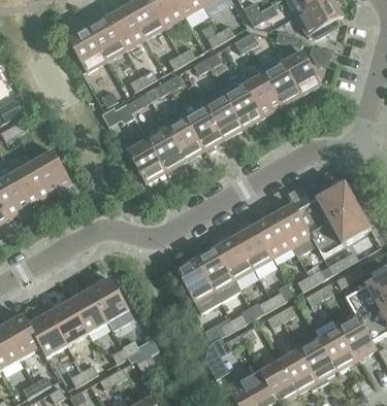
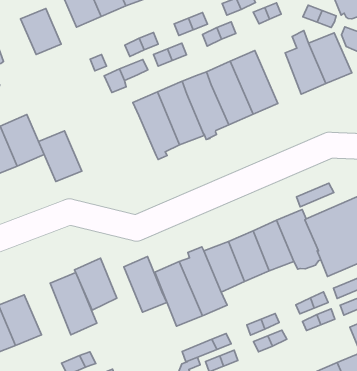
building: none -> [21,8,61,55]
building: [245,72,282,115] -> none
building: [127,139,166,182] -> [39,131,82,182]
building: none -> [124,257,167,312]
building: [69,289,107,333] -> [75,258,117,310]

